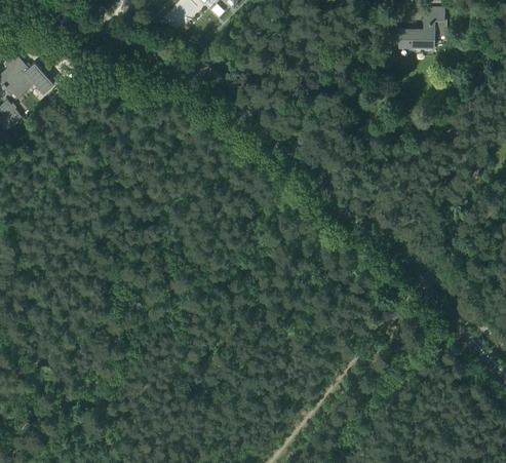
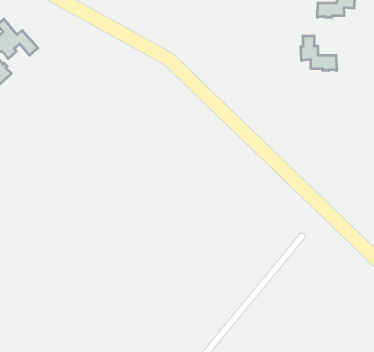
building: none -> [301,36,337,71]

